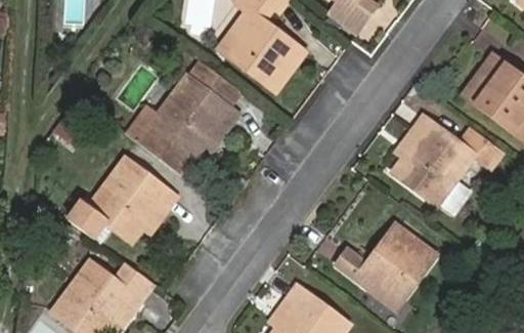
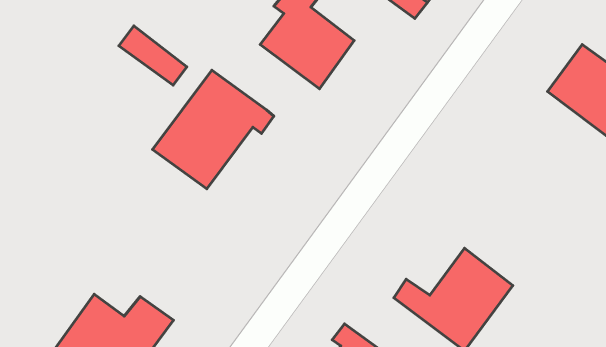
building: [185,59,242,109] -> [119,26,187,85]
building: [390,116,500,217] -> none
building: [66,159,175,242] -> none

